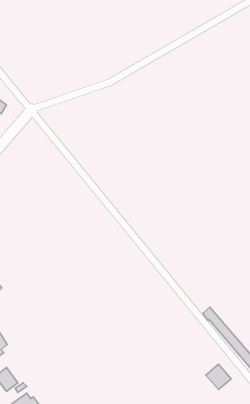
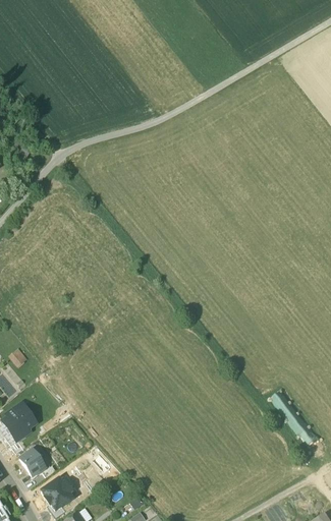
building: [206,364,231,390] -> none

